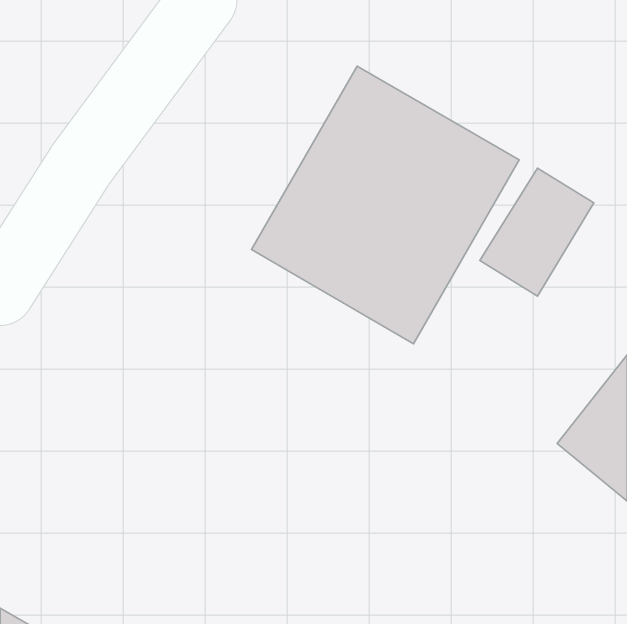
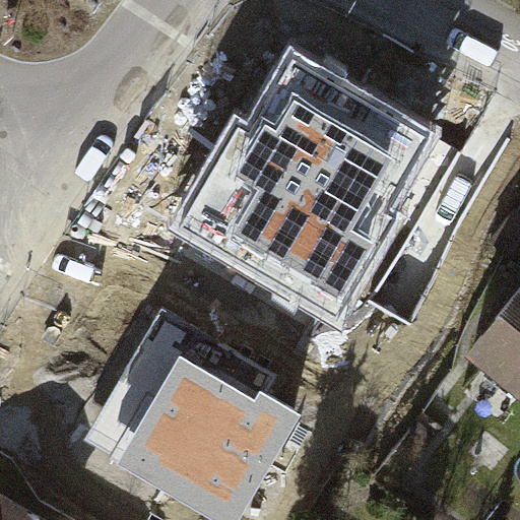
building: none -> [114,312,294,515]

